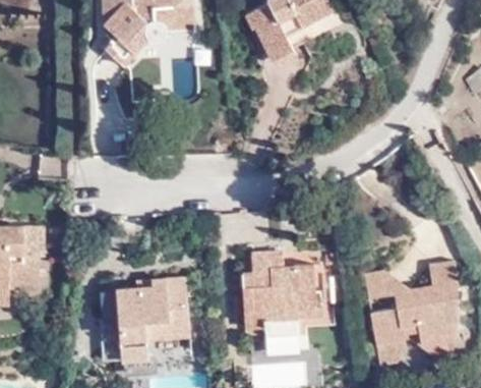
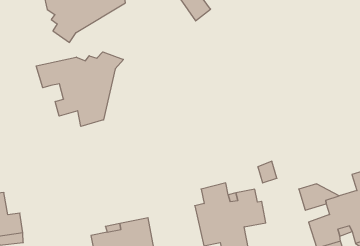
building: none -> [36,52,123,126]

